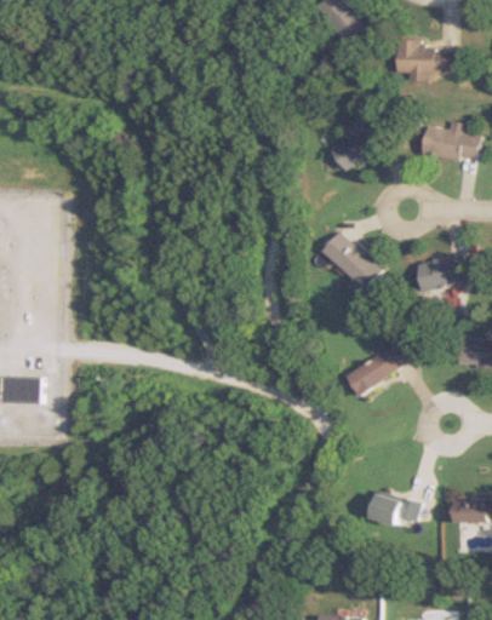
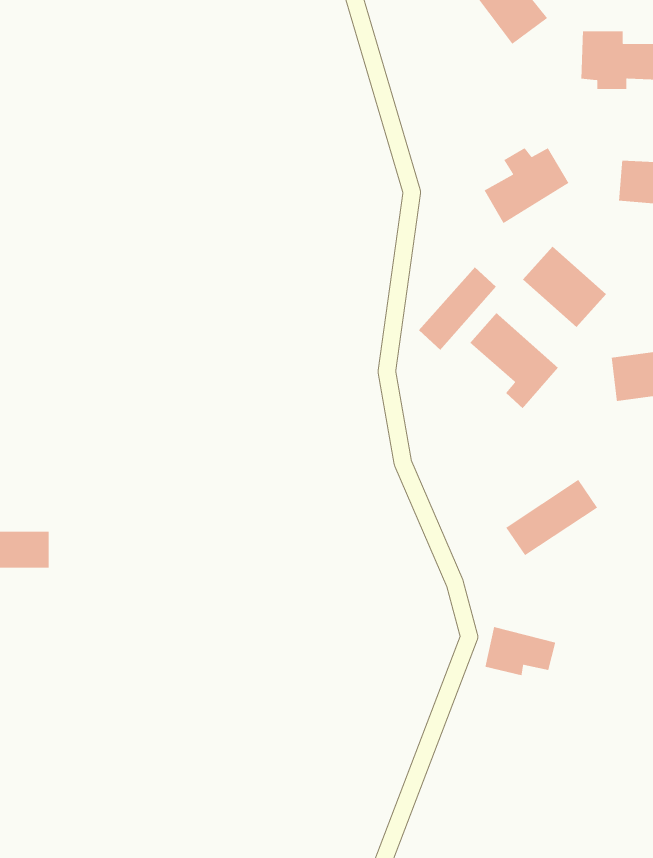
building: none -> [522,246,607,328]
building: none -> [418,266,497,351]
building: [370,492,418,526] -> [484,626,556,676]

